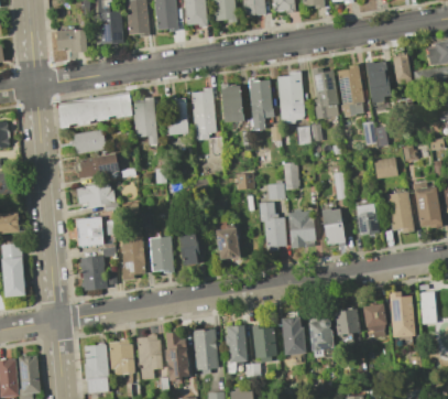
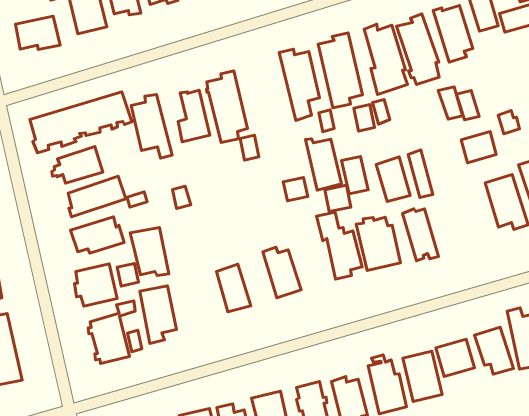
building: [221,84,243,122] -> [306,139,342,190]
building: [356,203,378,235] -> [376,157,410,202]
building: [149,237,173,272] -> [130,227,169,276]

